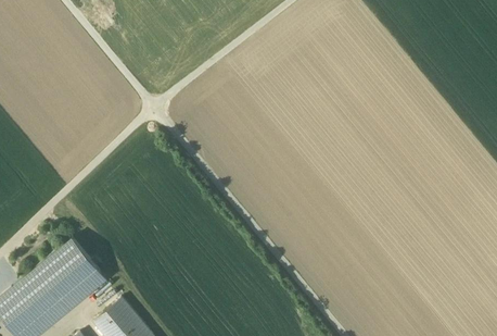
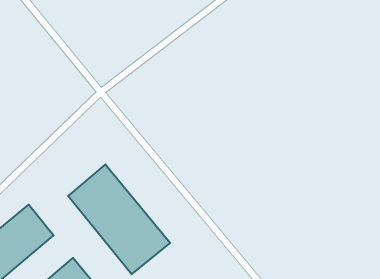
building: none -> [68,164,170,274]

